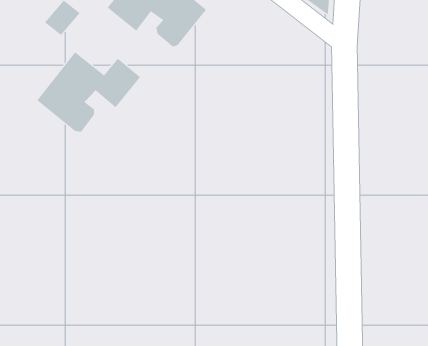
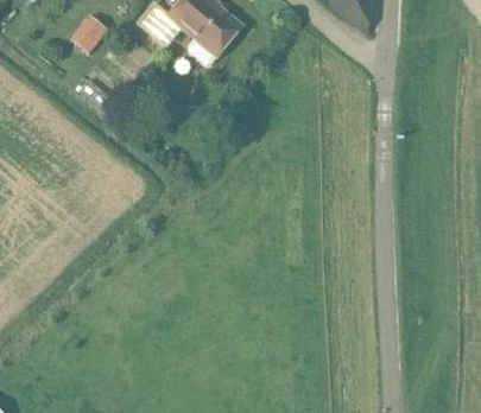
building: [37,52,141,133] -> none

